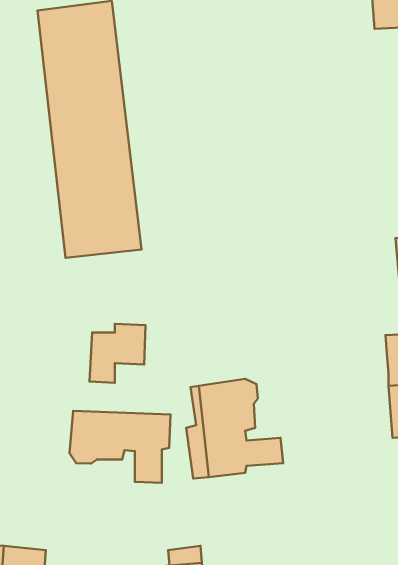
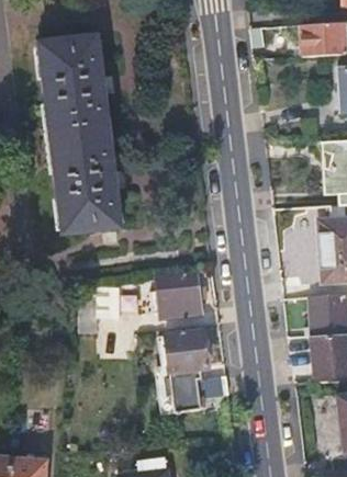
building: none -> [150,275,203,318]
building: [69,411,171,483] -> none

